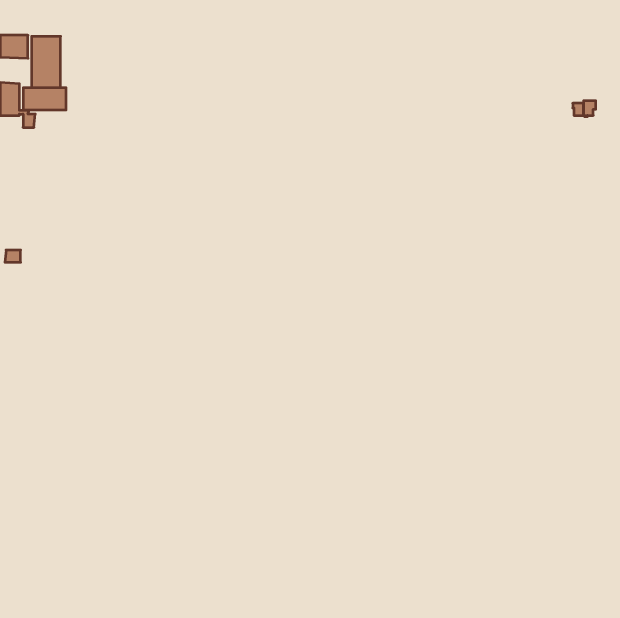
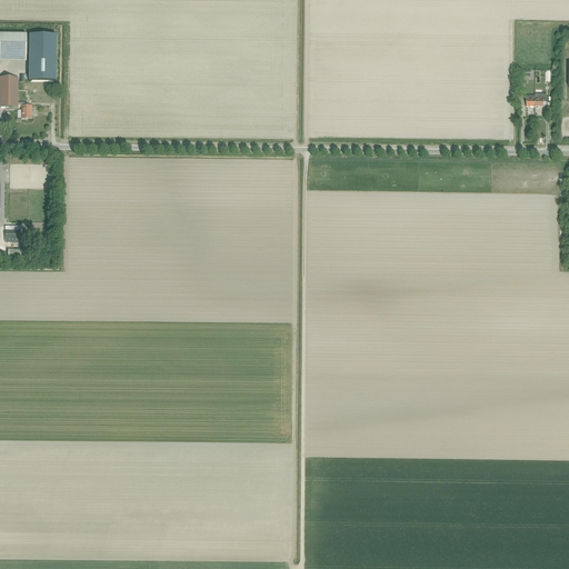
building: [23,88,66,110] -> none

